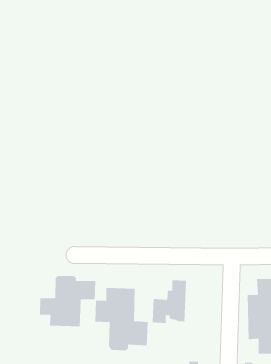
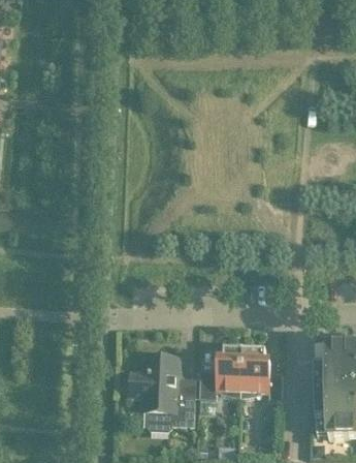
building: [39,275,96,327] -> none
building: none -> [238,345,282,400]

